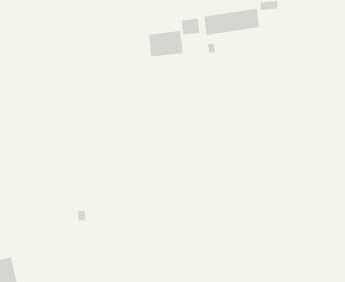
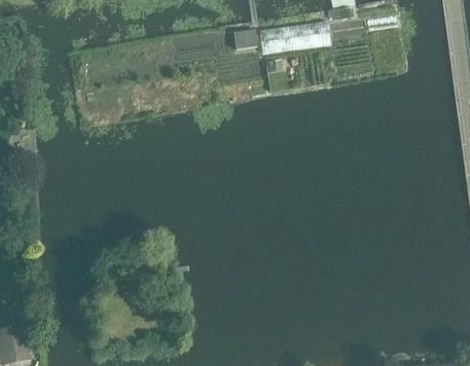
building: [148,30,183,57] -> none

